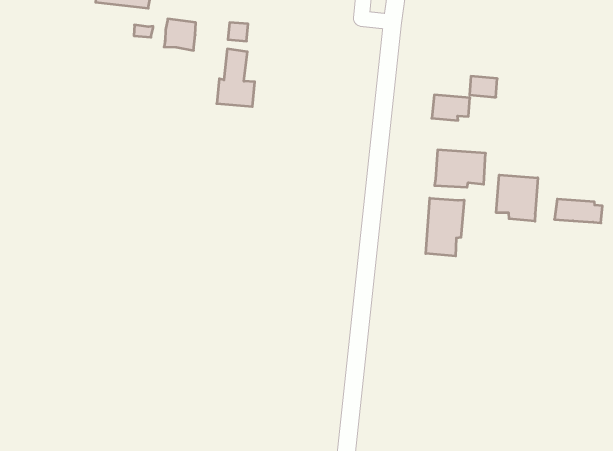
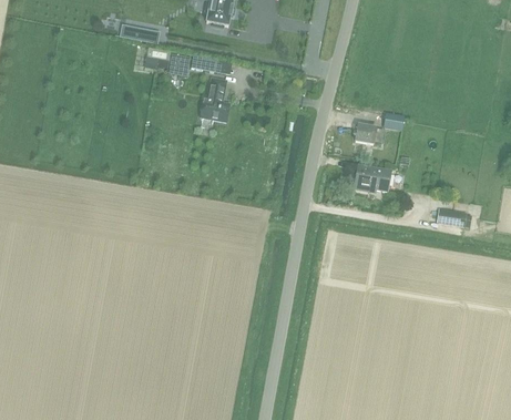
building: [496,175,538,221] -> none
building: [426,198,464,256] -> none

